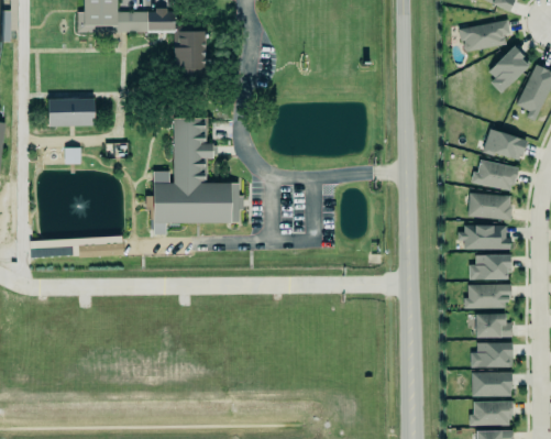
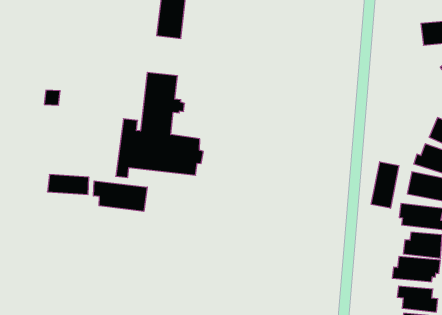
building: [49,98,96,127] -> none
building: none -> [371,162,399,208]
building: none -> [93,181,147,211]

